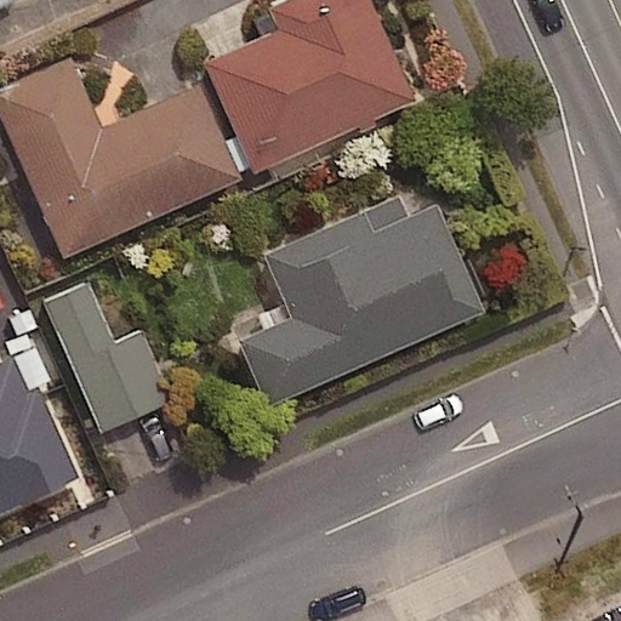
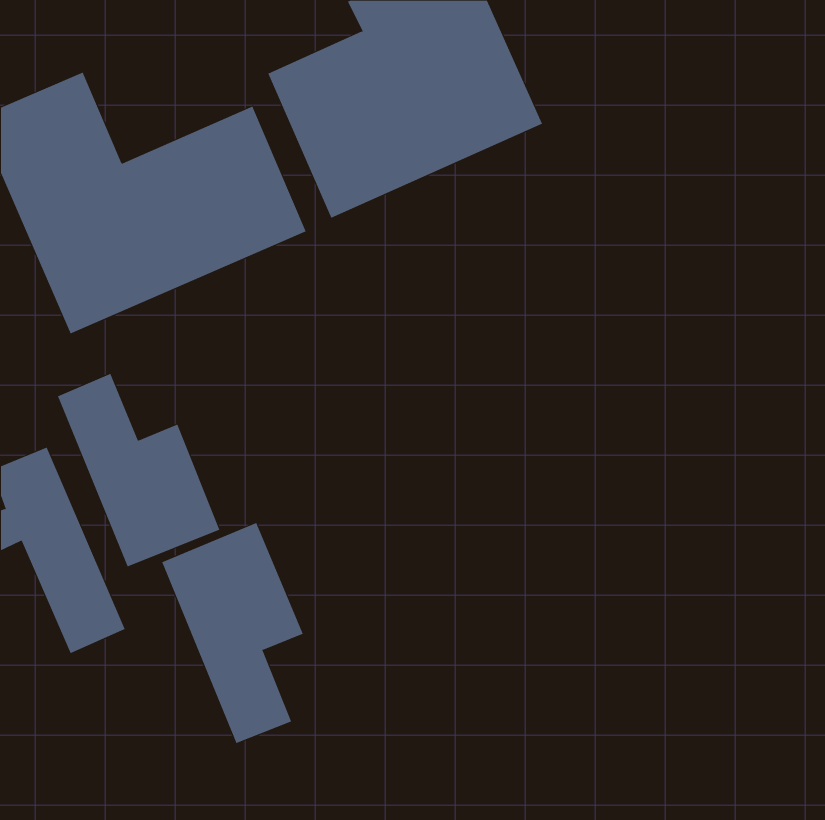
building: [237,199,478,405] -> none
building: none -> [161,522,303,744]

